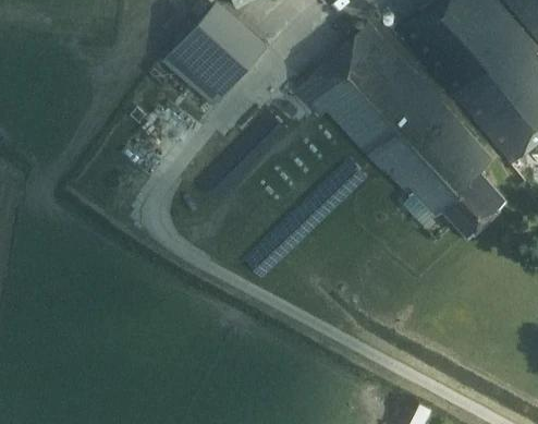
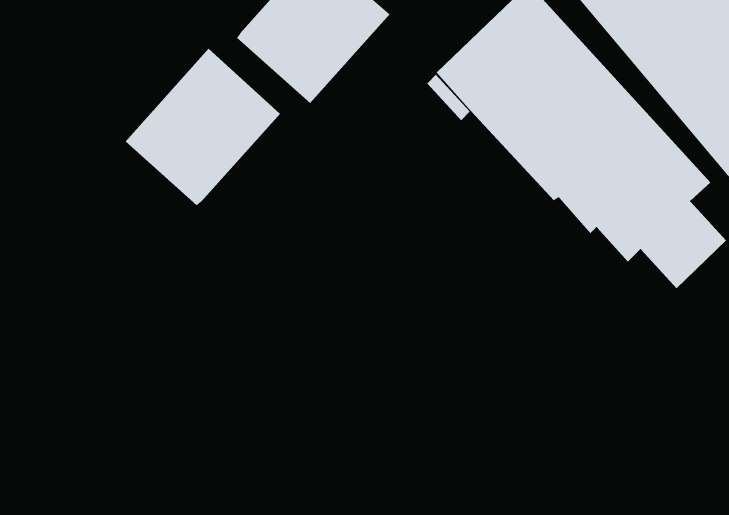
building: none -> [125,48,281,206]

